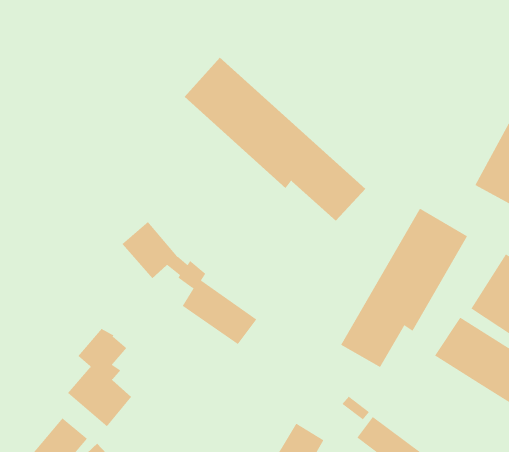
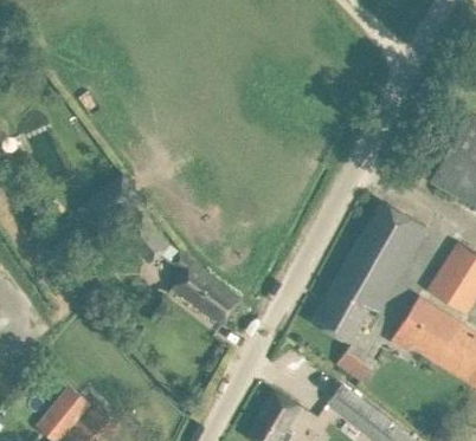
building: [184,57,366,221] -> none
building: [67,328,132,427] -> none
building: none -> [336,343,377,382]

